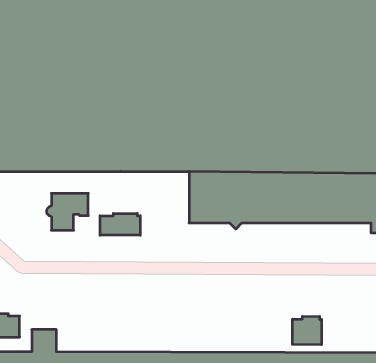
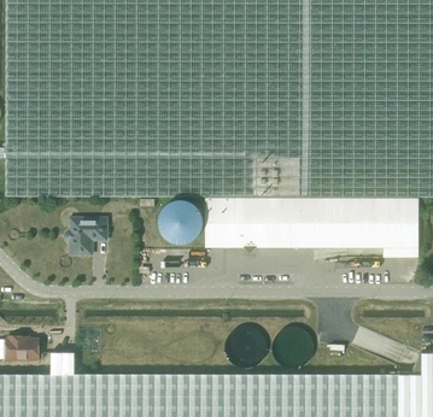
building: [100,213,140,235] -> none
building: [292,316,322,345] -> none

